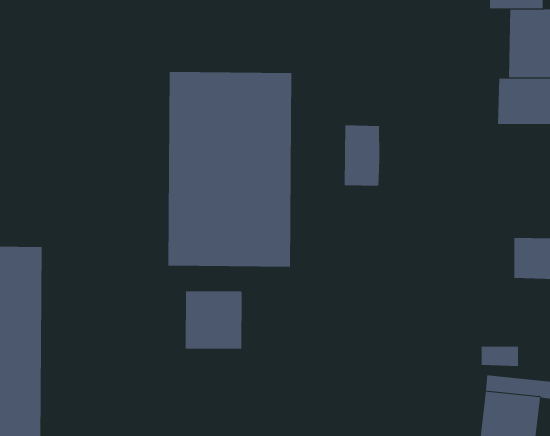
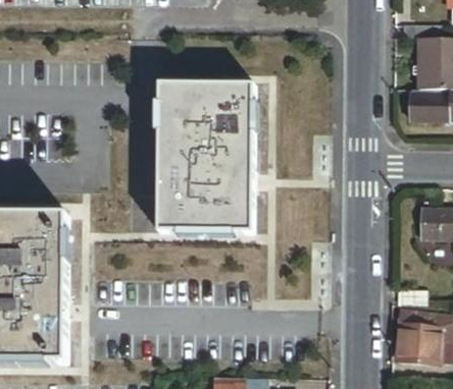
building: [344,125,380,187] -> none
building: [185,291,242,350] -> none

